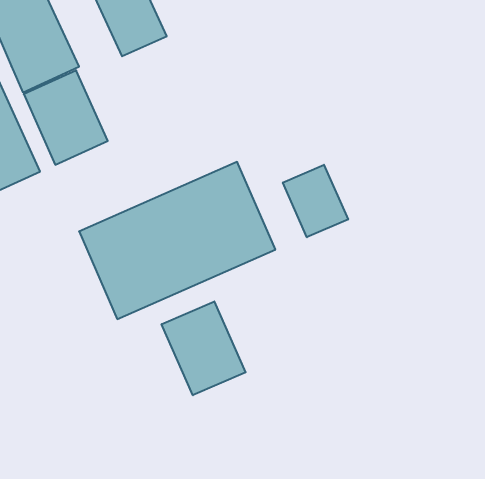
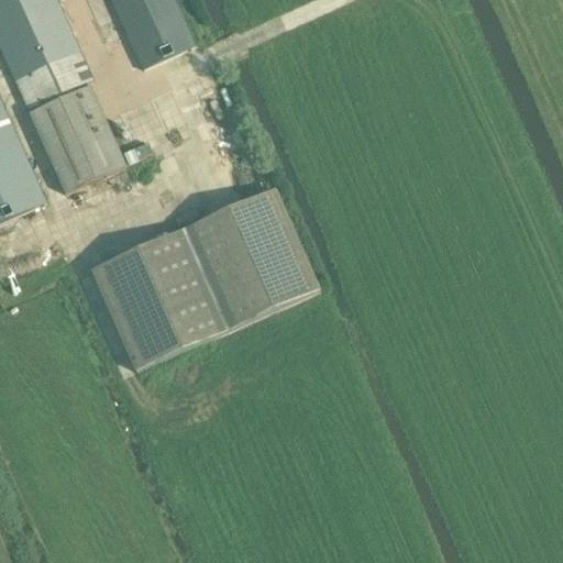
building: [283,165,348,237] -> none
building: [162,301,246,395] -> none

